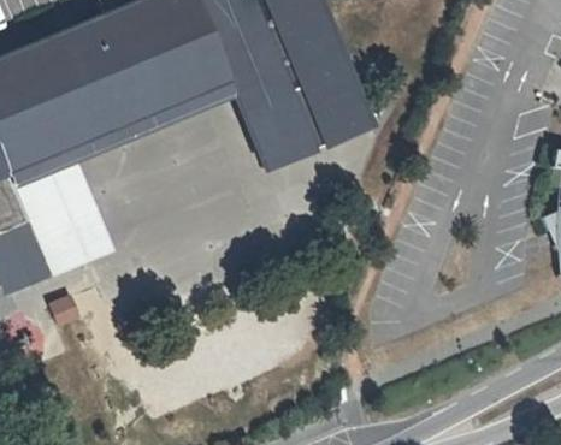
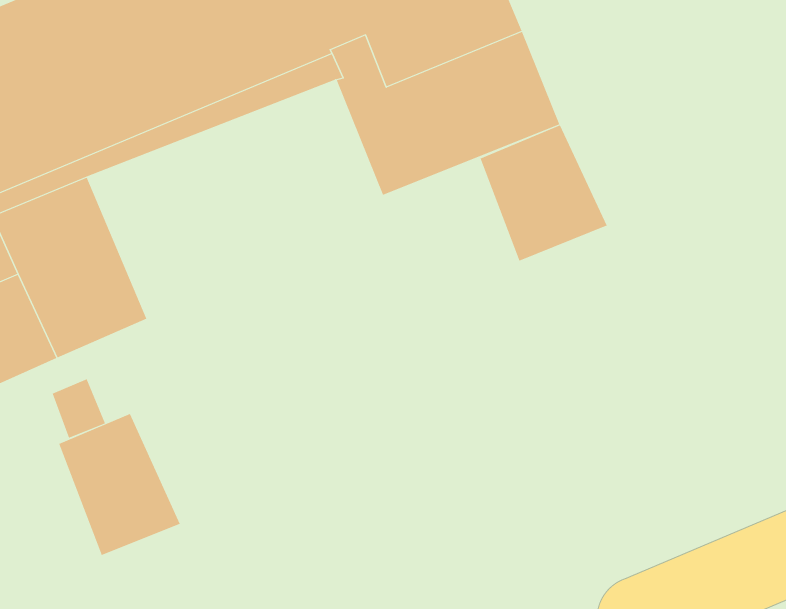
building: none -> [480,125,607,261]
building: none -> [58,413,181,556]

